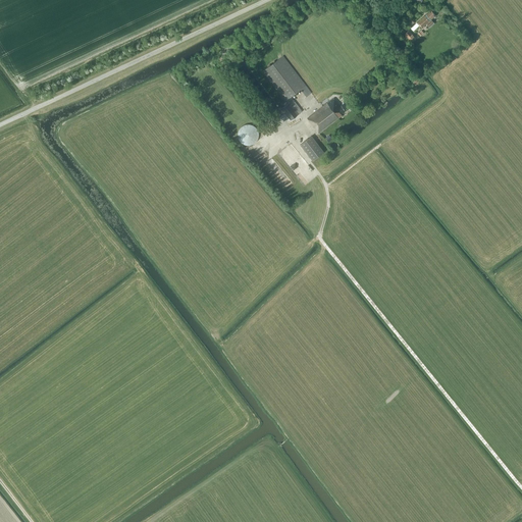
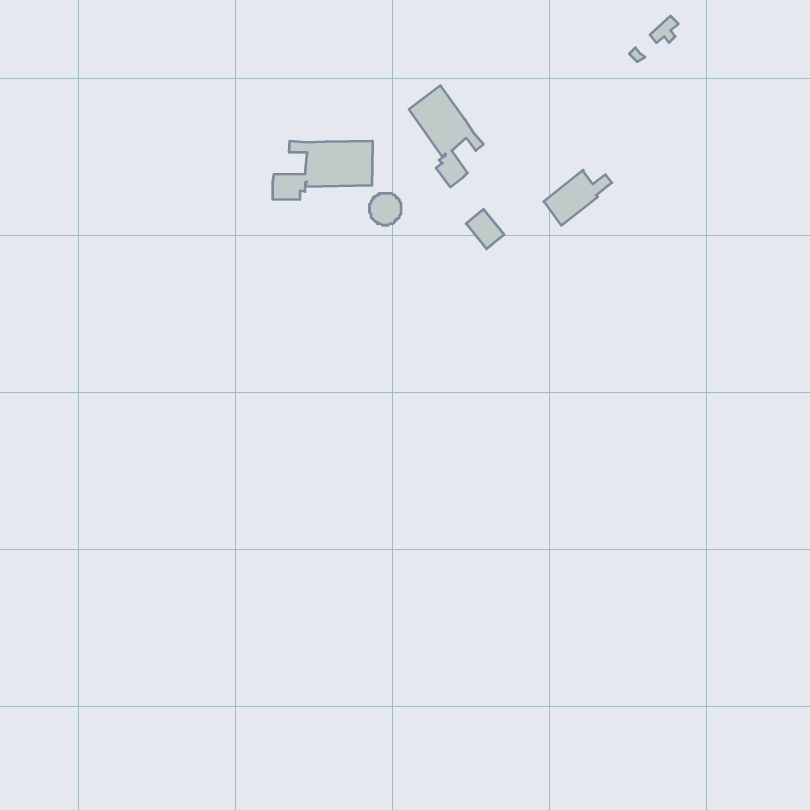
building: none -> [273,141,372,200]
building: [308,97,352,133] -> [544,170,612,225]

